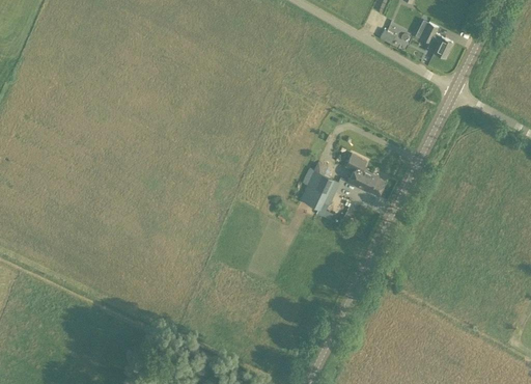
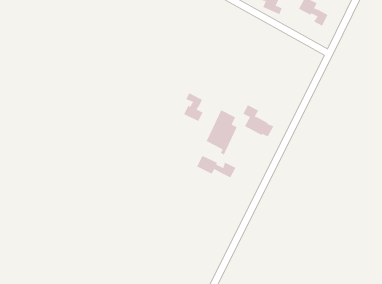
building: none -> [184,93,203,122]
building: none -> [196,155,236,178]

